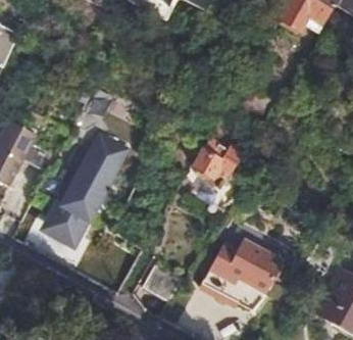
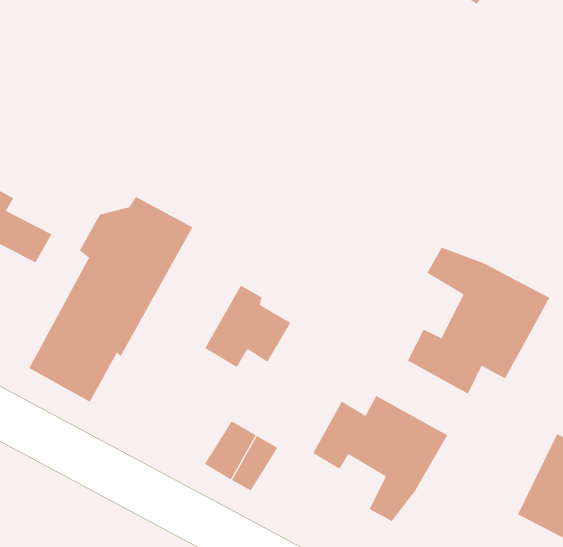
building: [193,131,242,178] -> [204,285,291,368]
building: none -> [407,247,550,394]

